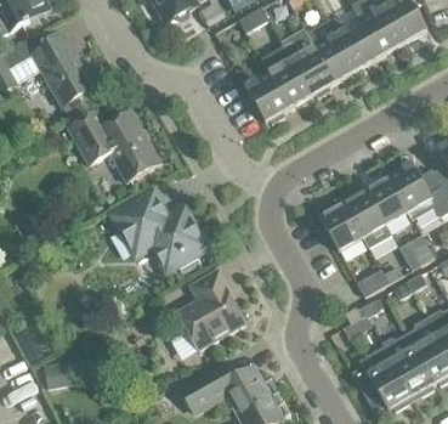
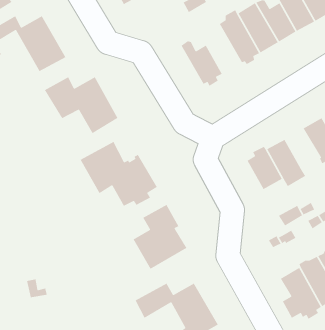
building: [261,45,312,107] -> none
building: [365,174,409,224] -> none

